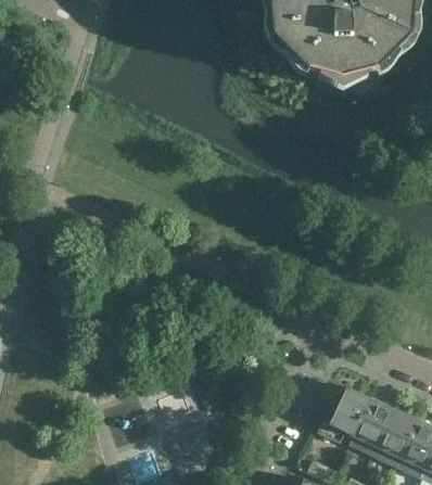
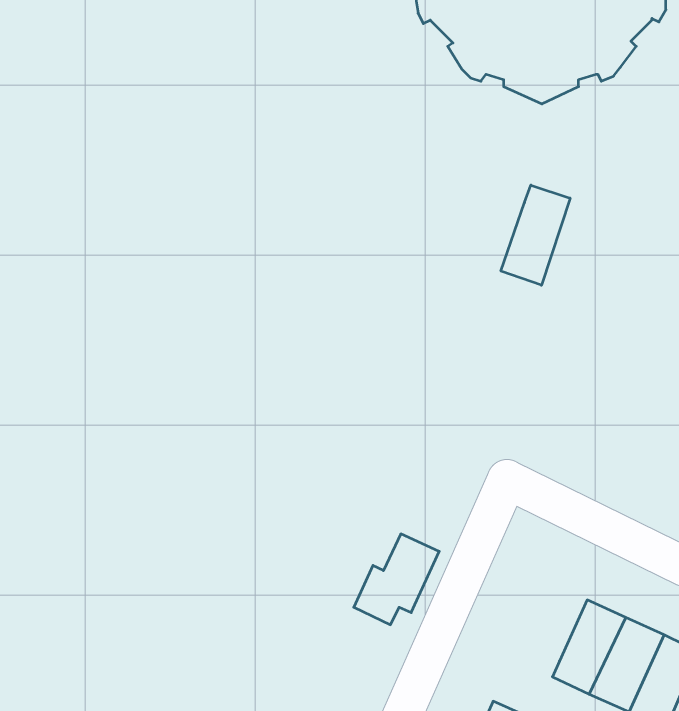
building: none -> [501,185,570,285]
building: [318,385,371,442] -> [354,534,439,625]

